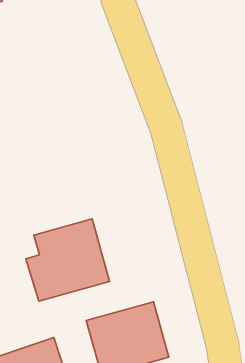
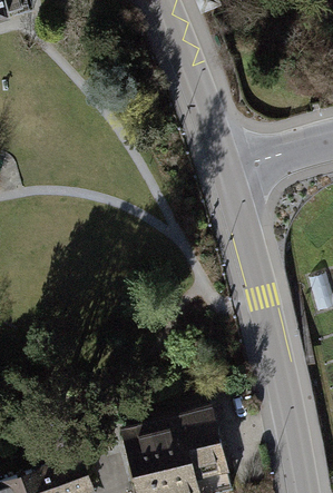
building: [26,219,110,301] -> none

